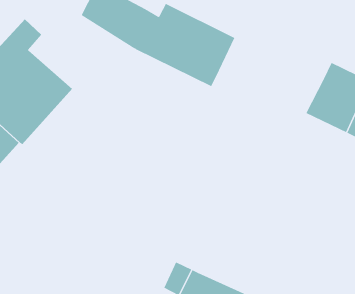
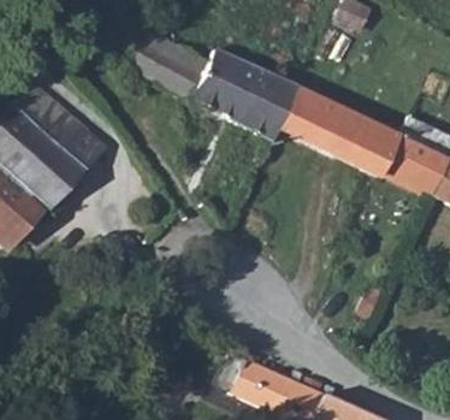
building: none -> [280,85,405,178]

